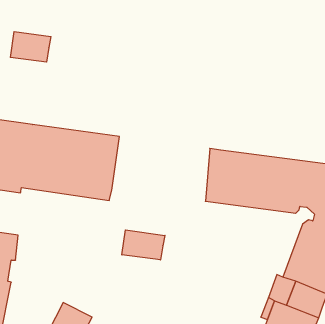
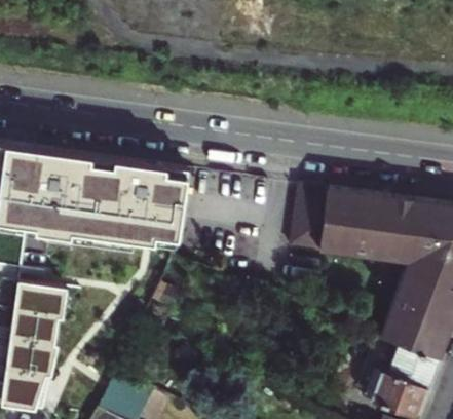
building: [10,32,51,62] -> none
building: [122,230,165,260] -> none

